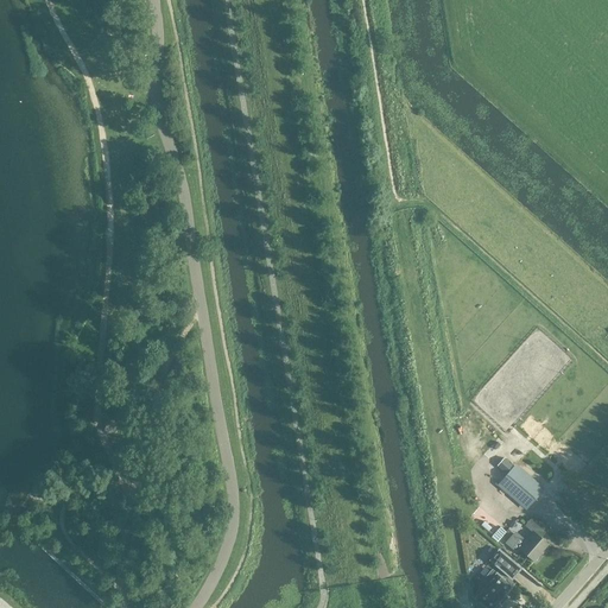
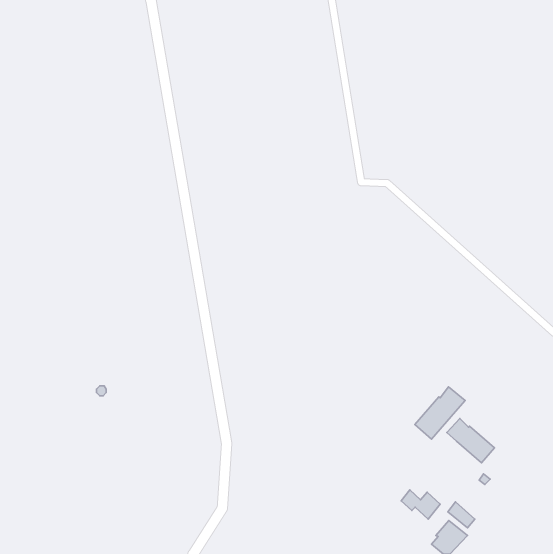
building: none -> [415,387,465,439]
building: [506,530,549,562] -> [401,490,440,519]

